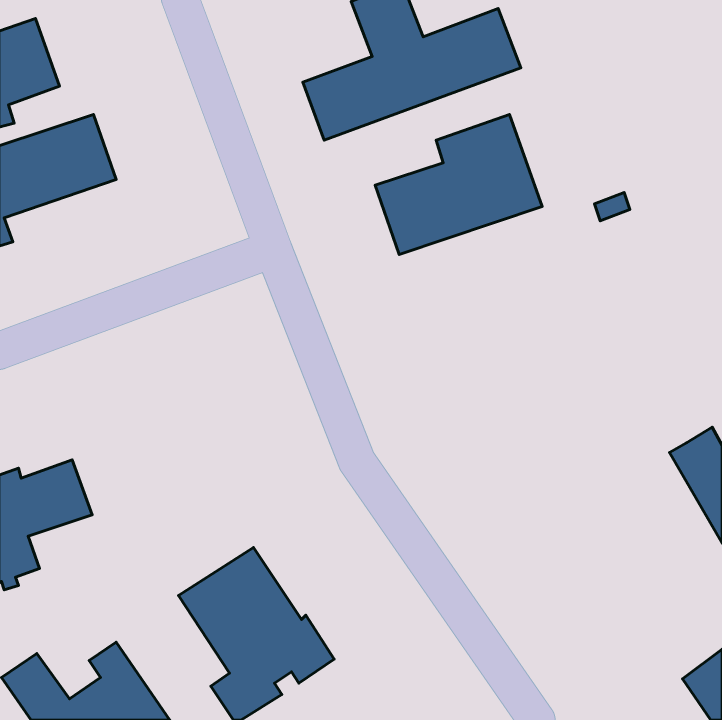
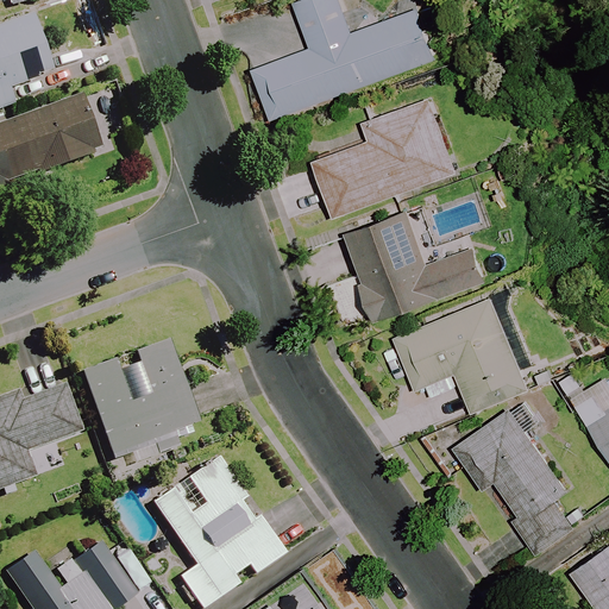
building: none -> [345,213,484,319]
building: none -> [395,297,527,412]
building: none -> [79,340,195,463]
building: none -> [456,398,573,553]

